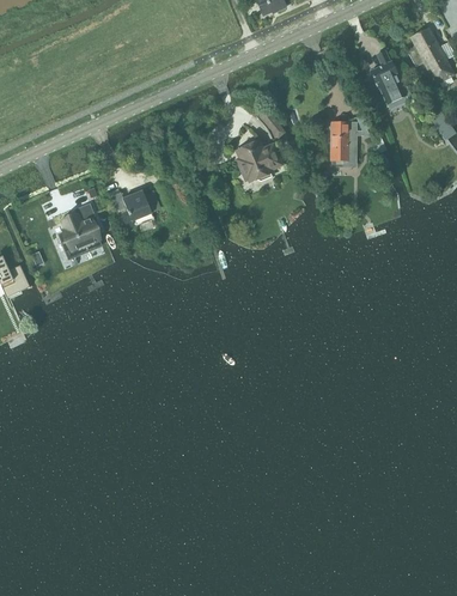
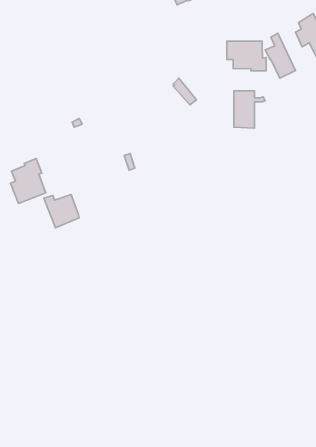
building: none -> [227,41,266,71]
building: [236,140,281,181] -> none
building: [109,189,152,230] -> [44,194,79,228]

